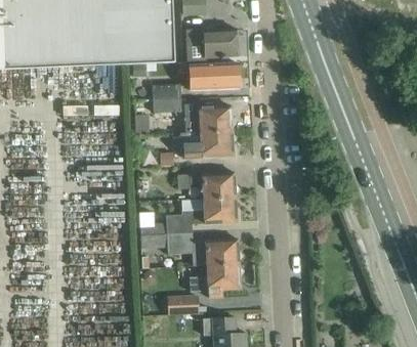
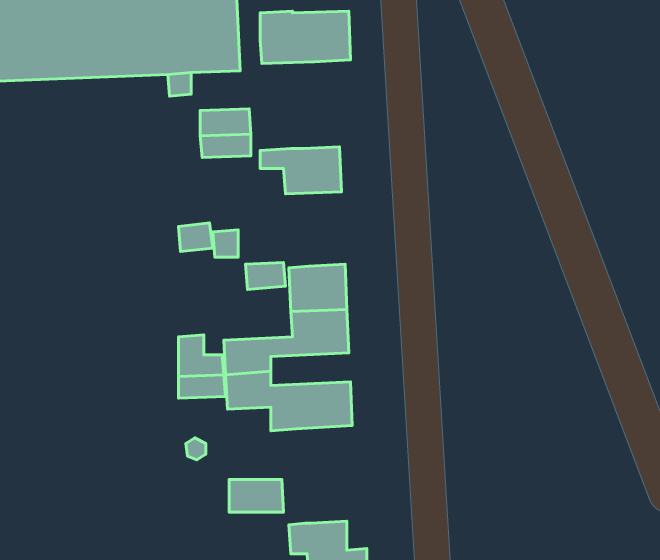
building: [189,62,238,90] -> none
building: [175,131,233,159] -> none
building: [190,263,240,298] -> none

